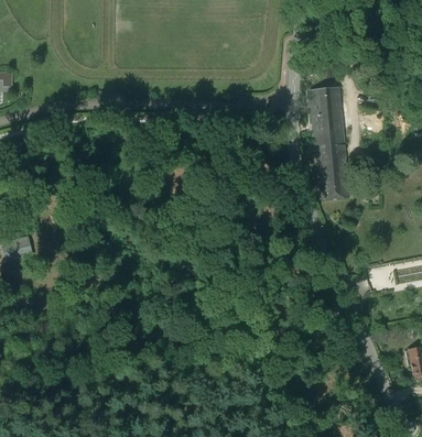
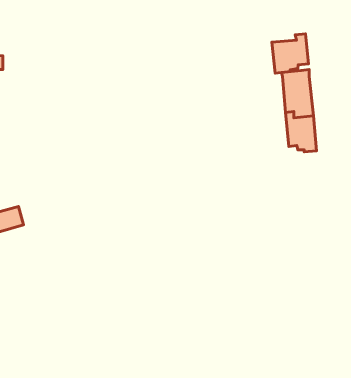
building: none -> [272,34,309,73]
building: [316,168,348,198] -> none

